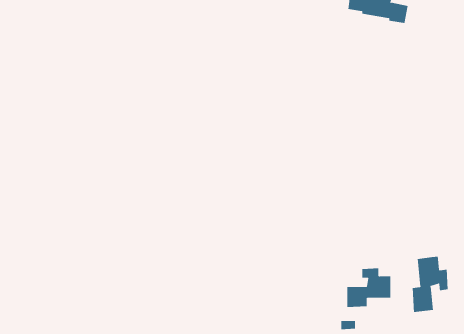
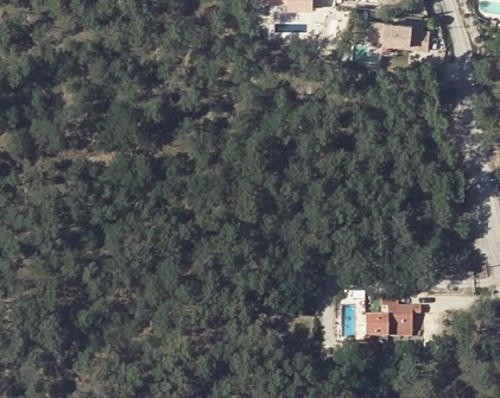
building: [412,256,448,313] -> none

